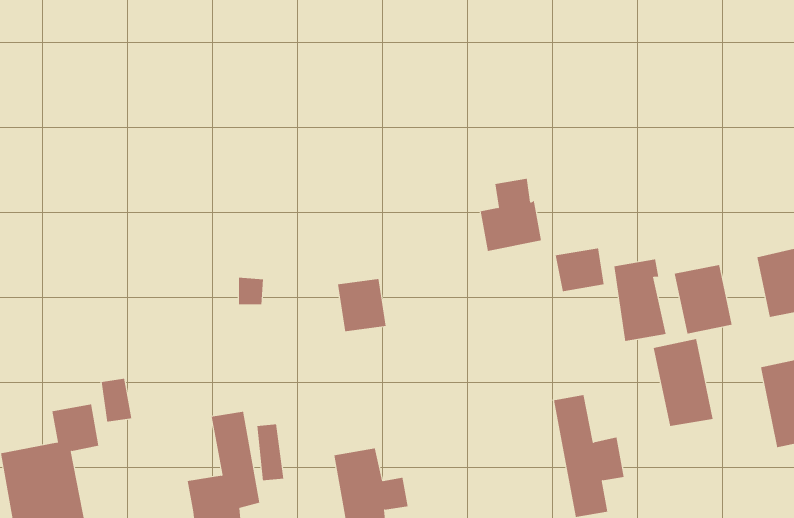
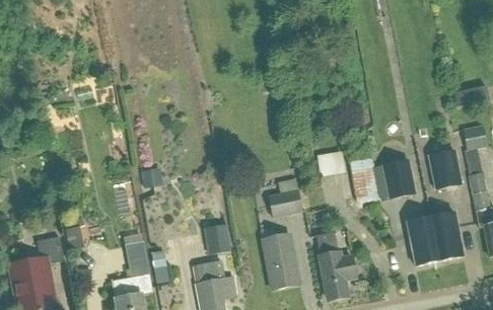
building: [480,178,542,252] -> [269,177,303,218]
building: [337,279,386,332] -> [204,224,231,253]
building: [653,339,713,427] -> [406,217,439,265]
building: none -> [263,234,299,289]

